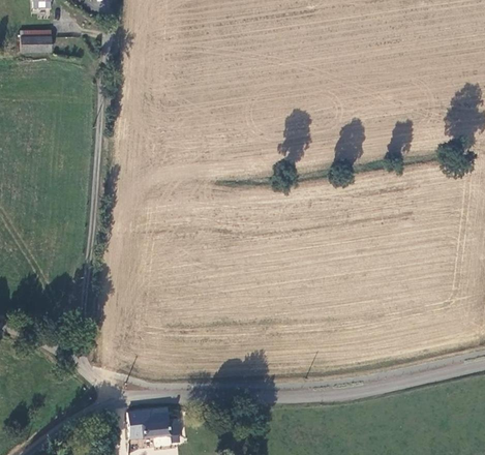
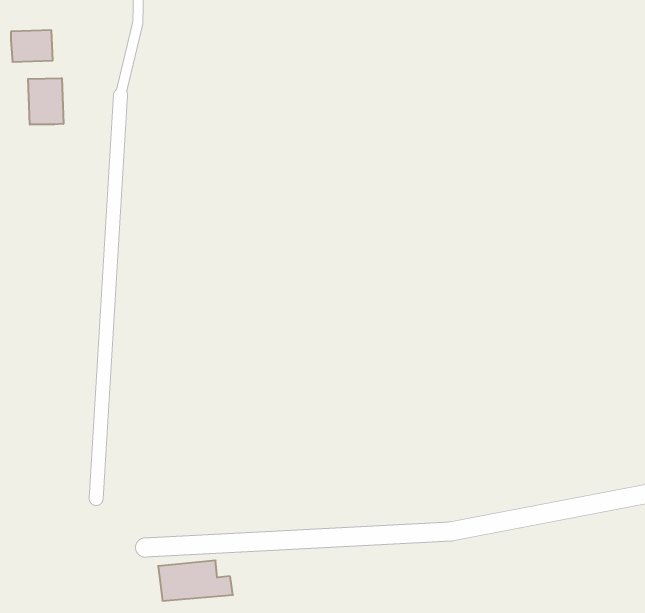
building: none -> [28,78,63,125]

